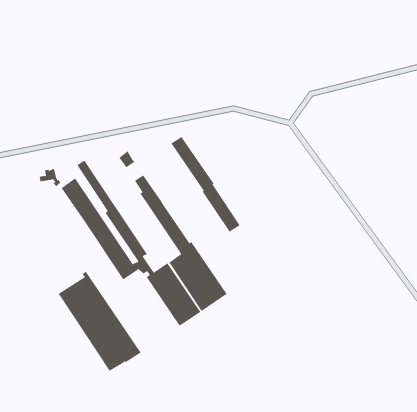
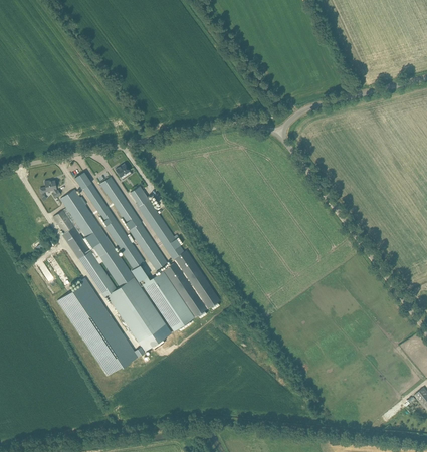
building: [170,136,241,233] -> [99,177,167,269]
building: none -> [52,208,172,352]

